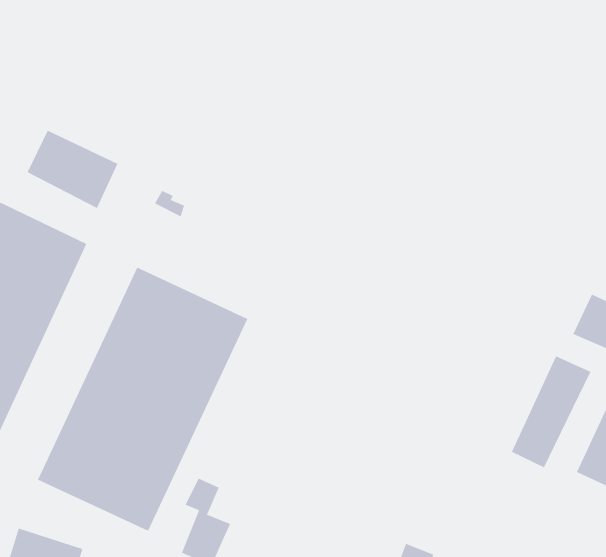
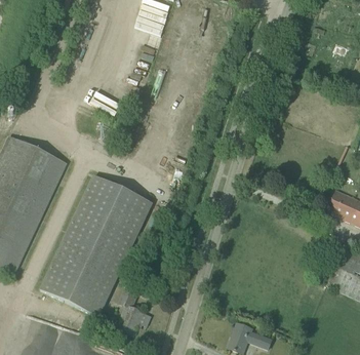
building: [27,130,118,209] -> none
building: [511,356,591,468] -> none

